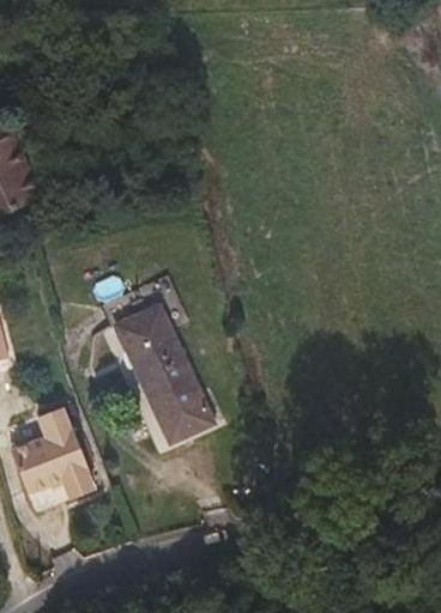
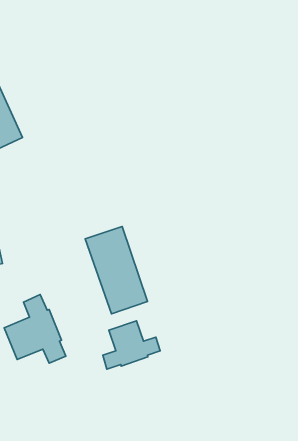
building: none -> [103,321,160,369]

